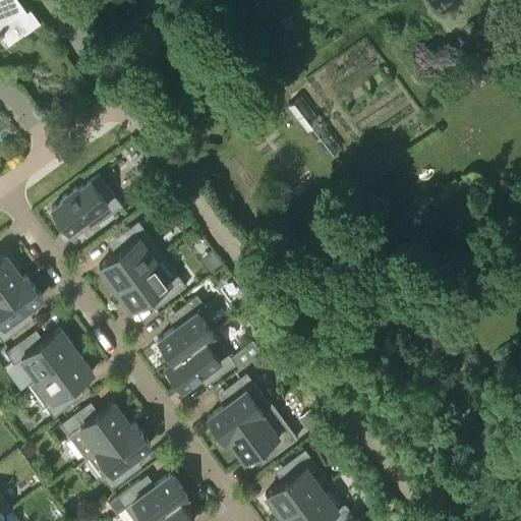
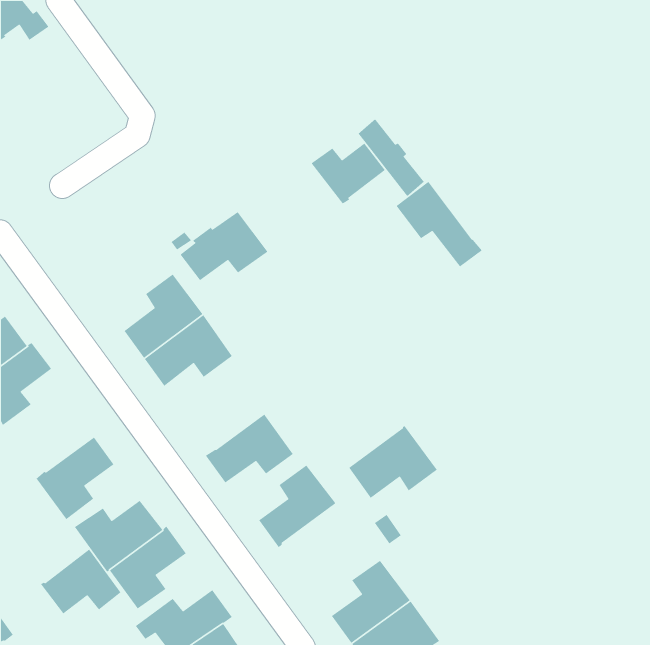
building: none -> [310,143,386,204]
building: none -> [395,181,483,268]
building: [51,177,122,233] -> [179,211,268,281]
building: [157,297,212,363] -> none
building: [12,331,75,382] -> none
building: [226,405,297,464] -> [349,425,438,499]
building: none -> [40,549,121,615]

